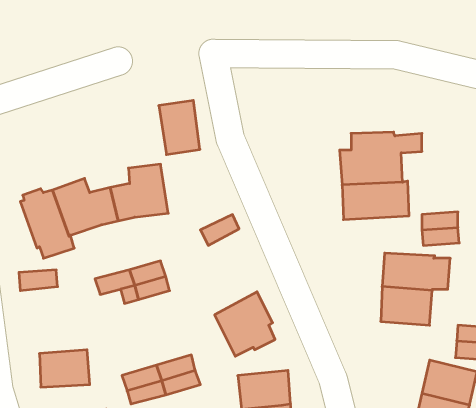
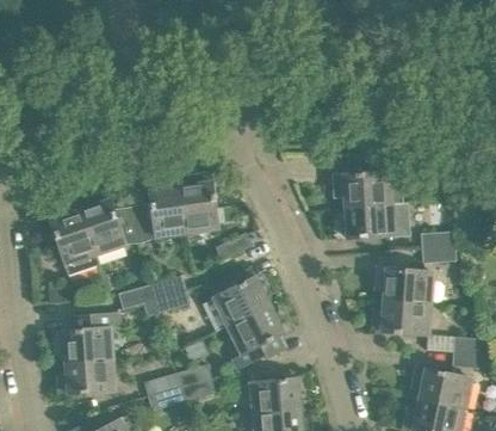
building: [159,100,200,155] -> [179,181,217,232]
building: none -> [203,277,268,330]
building: none -> [60,312,119,362]

